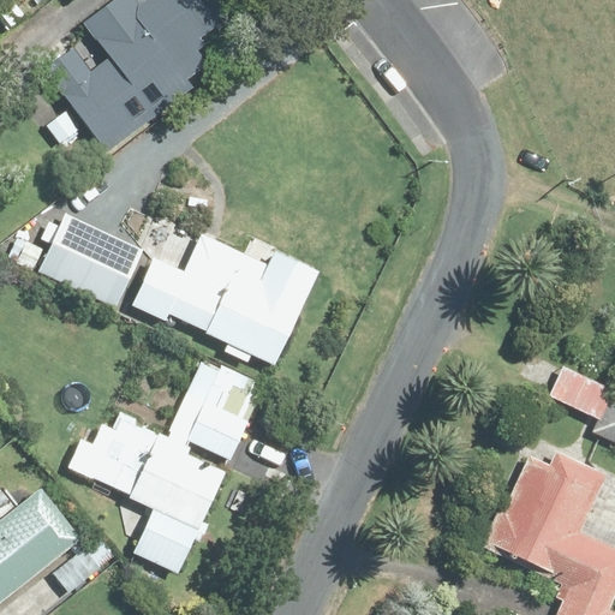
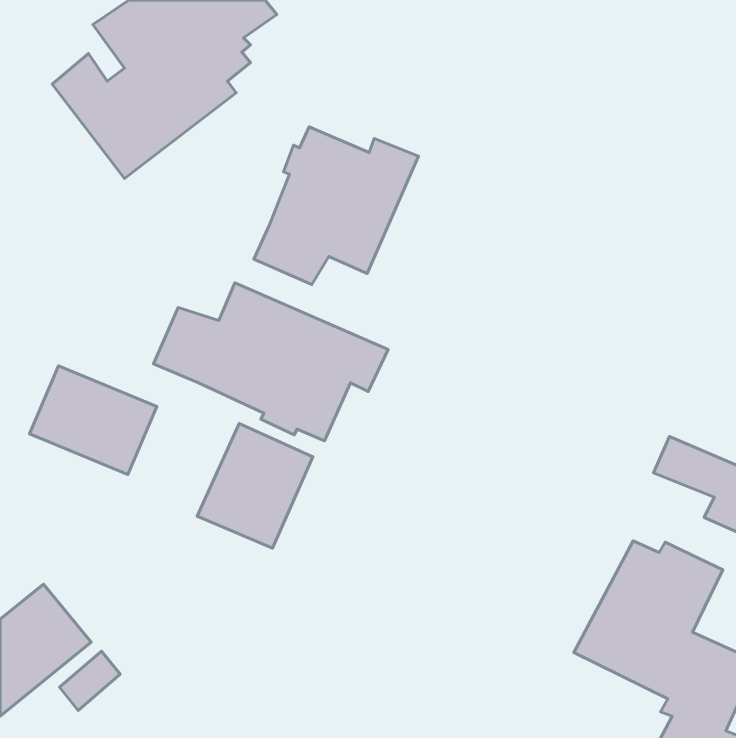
building: none -> [254,127,419,285]
building: [40,213,145,303] -> [29,366,157,475]
building: [68,418,226,574] -> none

